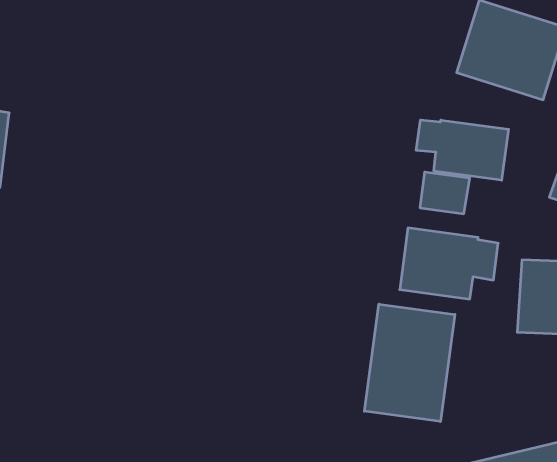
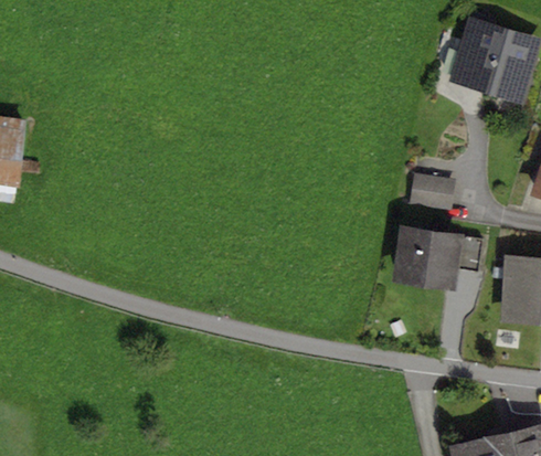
building: [416,120,509,180] -> none
building: [364,304,455,422] -> none

